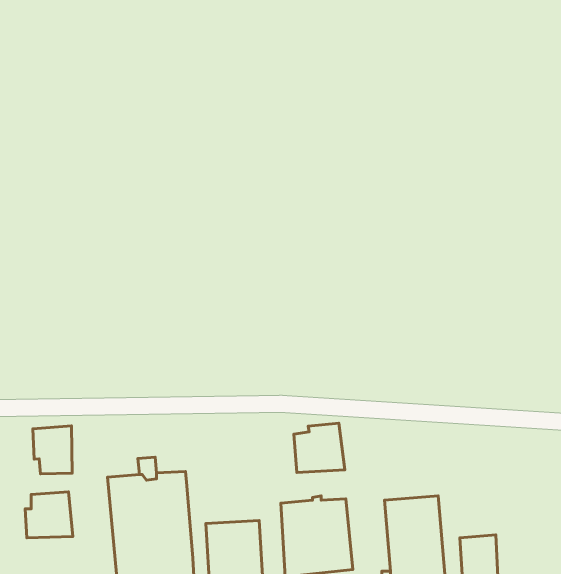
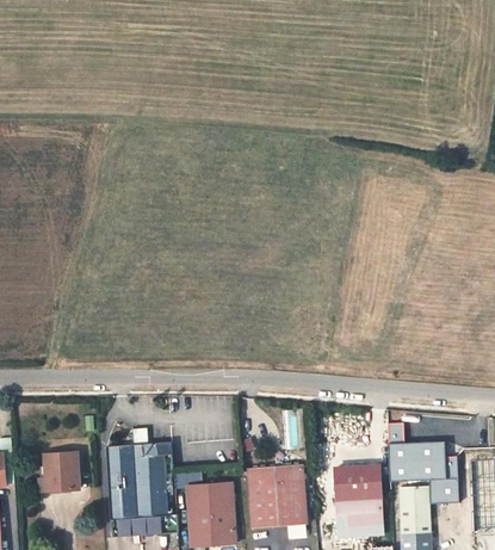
building: [294,423,345,473] -> none
building: [33,426,72,474] -> none
building: none -> [388,427,458,506]

